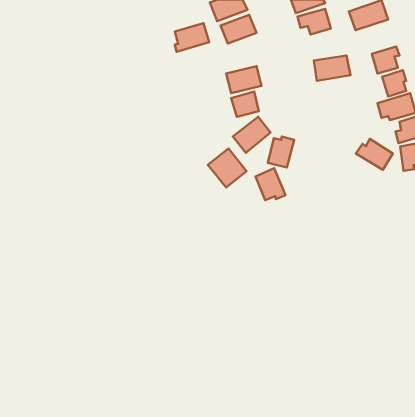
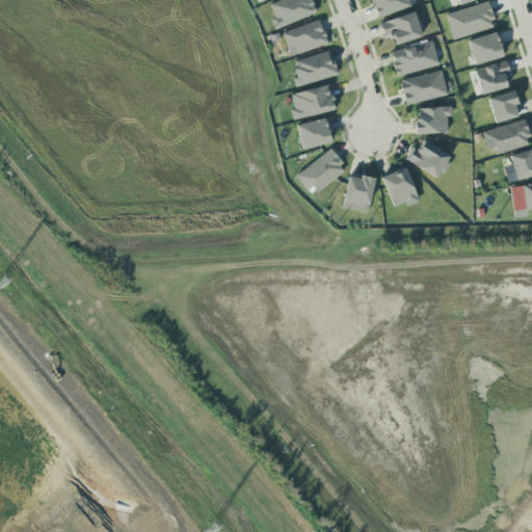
building: [175,23,209,52] -> [295,50,339,86]
building: none -> [469,31,505,64]
building: none -> [392,39,441,75]
building: none -> [417,105,453,134]
building: [356,139,393,170] -> [406,139,453,179]
building: [208,149,247,187] -> none
building: [255,168,286,200] -> [382,166,421,207]

